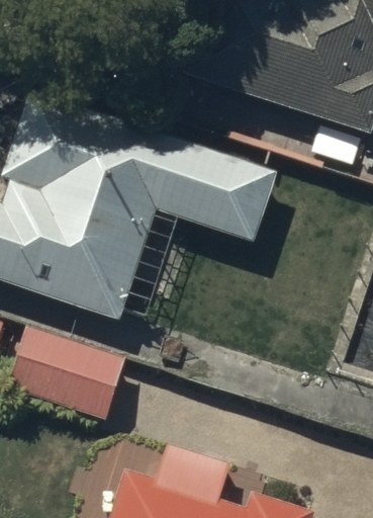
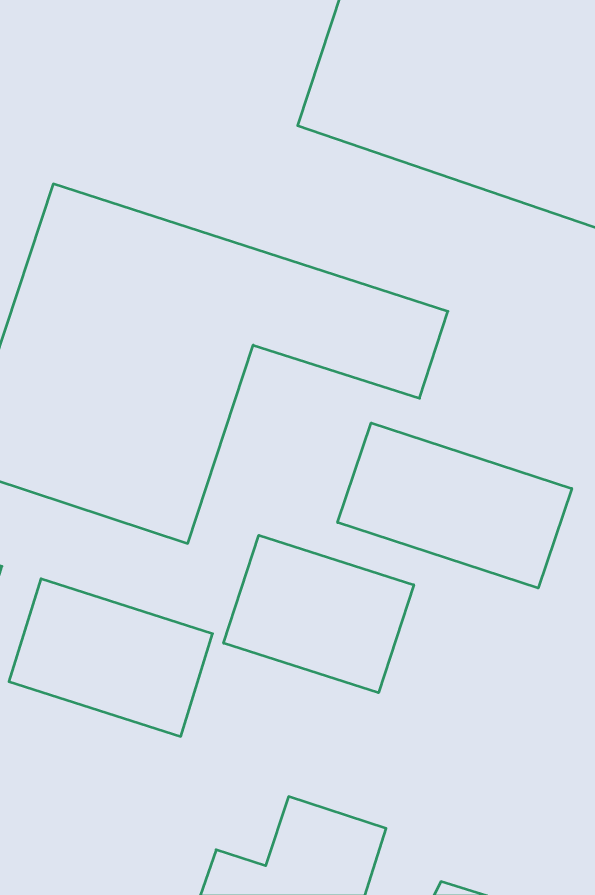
building: none -> [338,423,572,588]
building: none -> [224,535,414,693]

